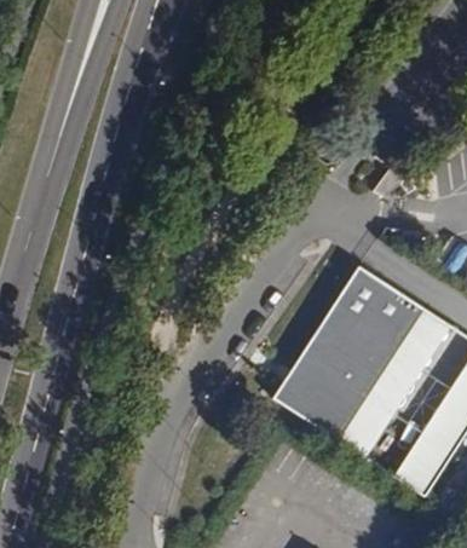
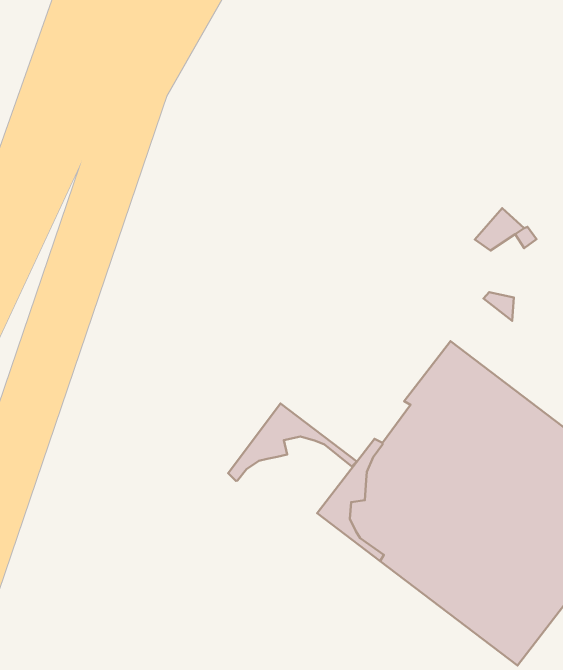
building: none -> [228,403,357,481]

